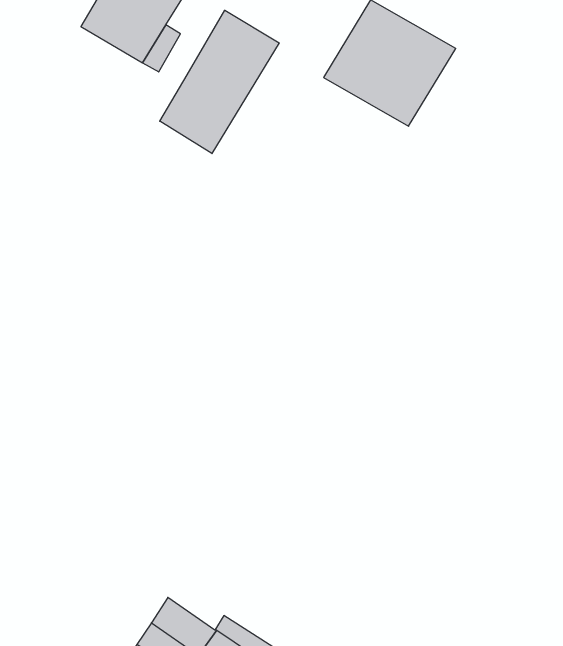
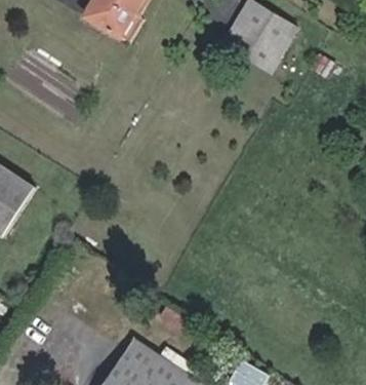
building: [160,10,279,154] -> none

